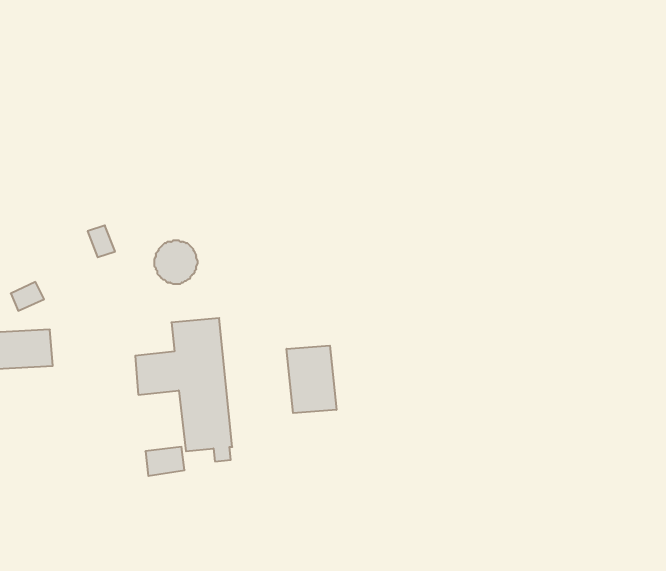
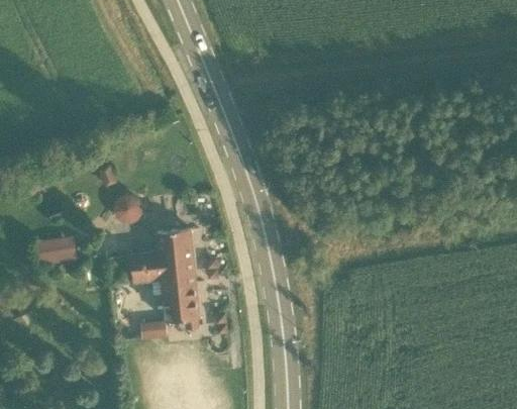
building: [154,240,198,284] -> [114,195,144,225]
building: [287,346,336,413] -> none

